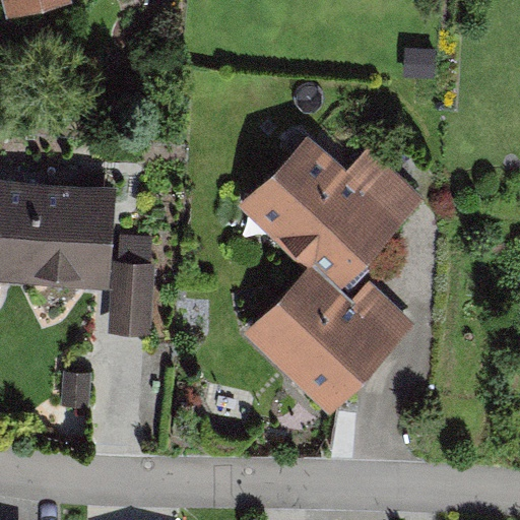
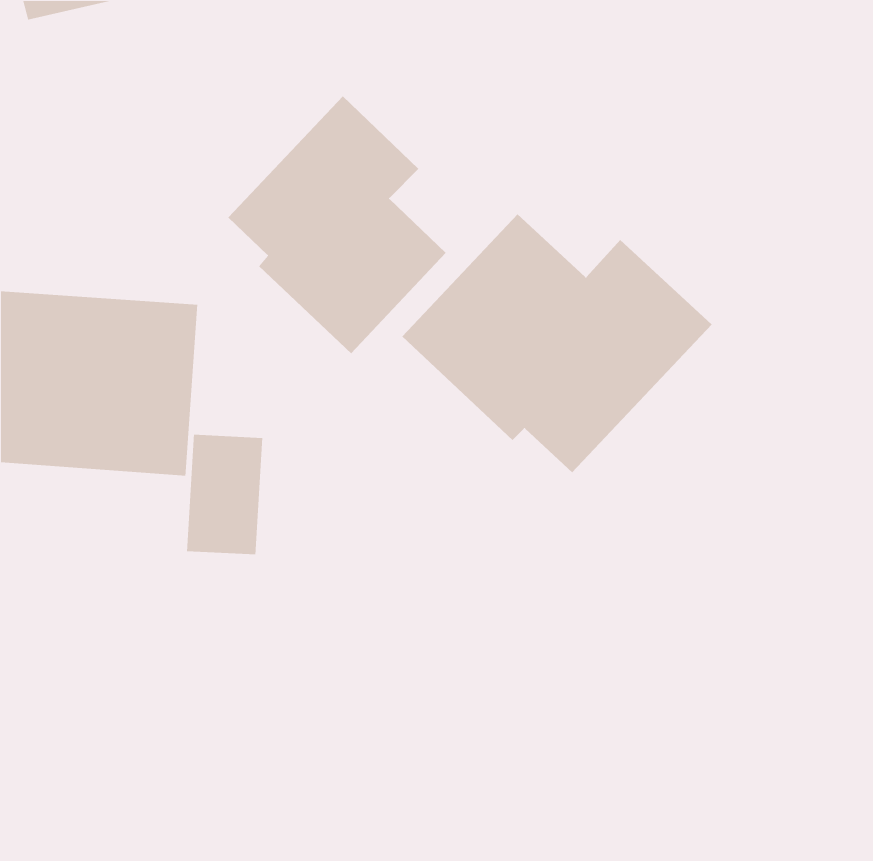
building: none -> [228,95,447,354]
building: [245,262,414,414] -> none

